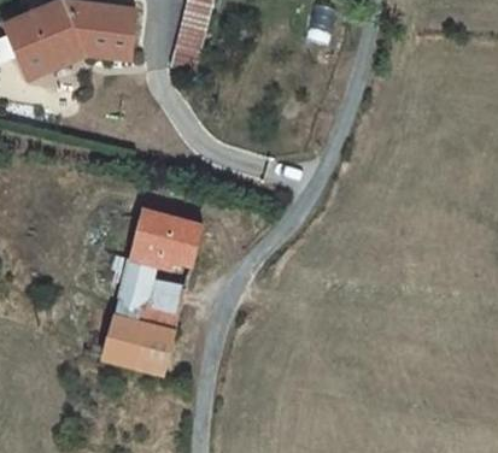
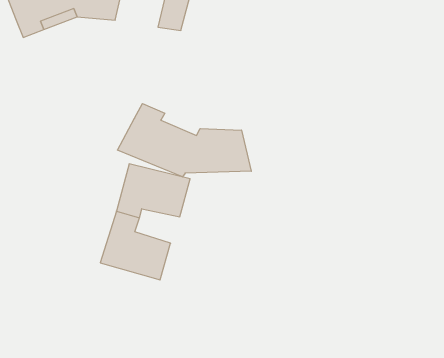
building: none -> [117,104,251,177]
building: [99,313,174,373] -> none

